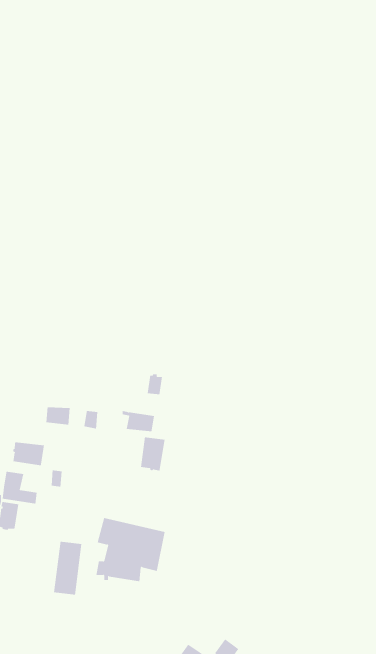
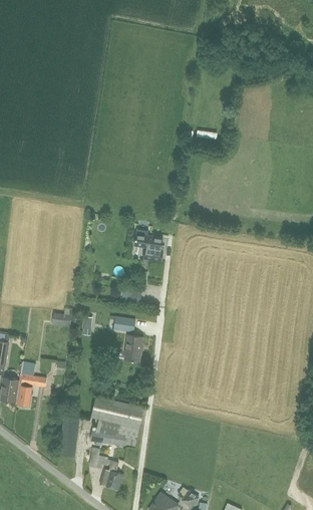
building: none -> [133,229,165,261]
building: [13,441,44,466] -> none
building: none -> [89,453,123,490]

